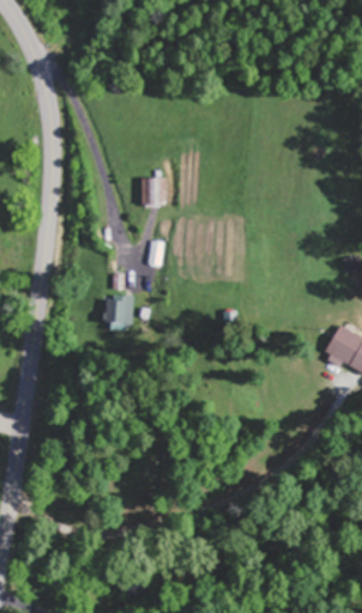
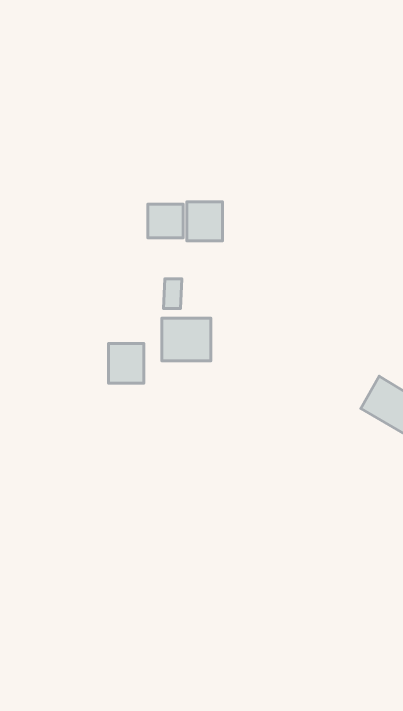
building: none -> [187,202,222,241]
building: none -> [162,318,211,361]

